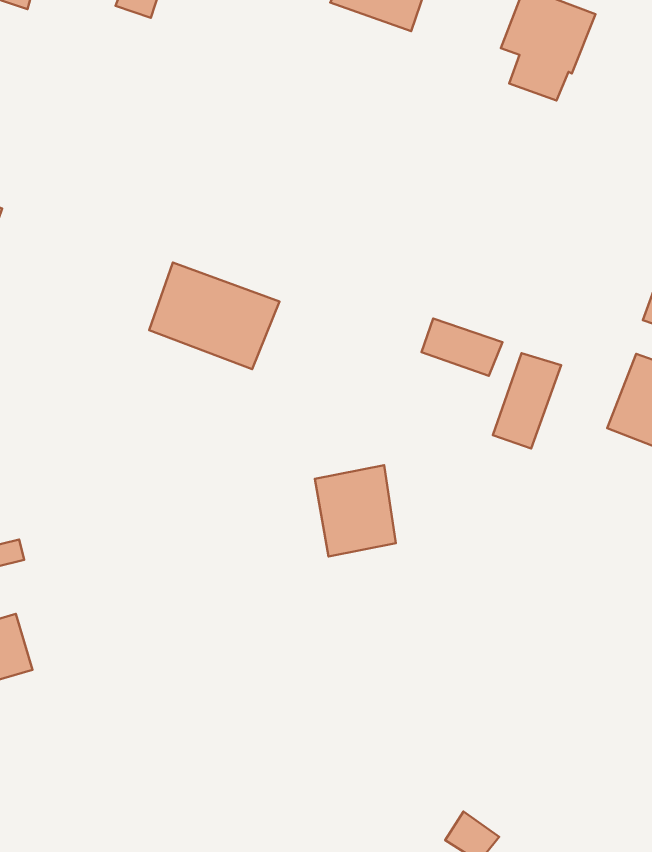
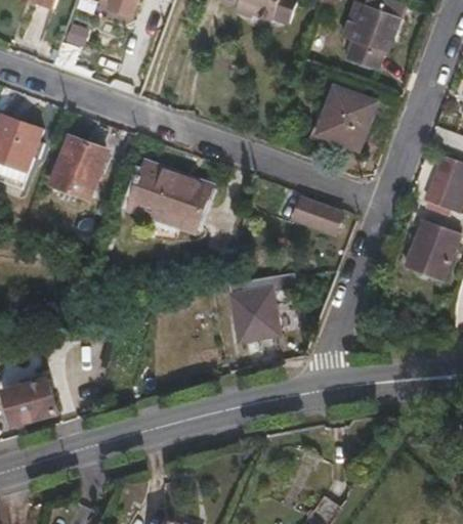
building: none -> [318,86,375,146]
building: none -> [51,135,103,195]
building: [493,353,561,449] -> none

